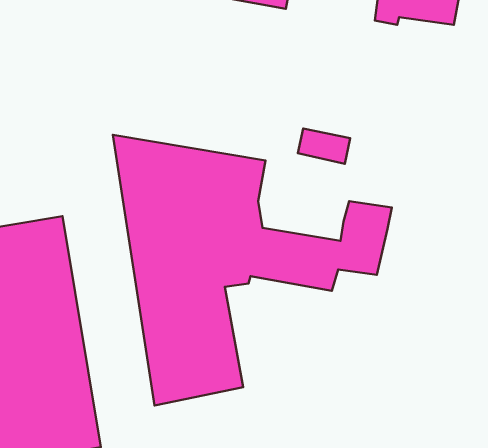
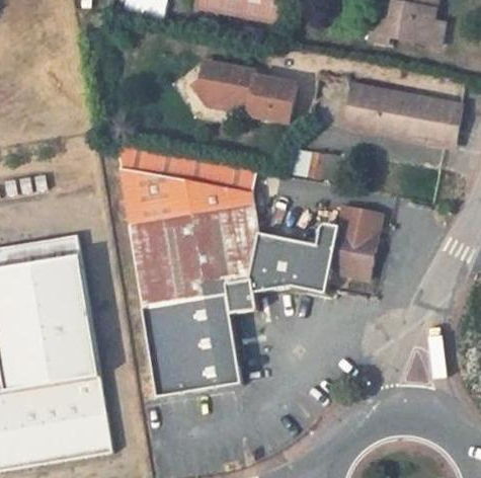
building: none -> [191,56,299,125]
building: none -> [342,79,464,145]

